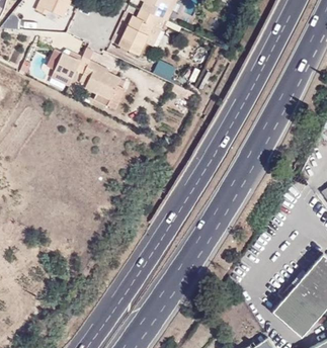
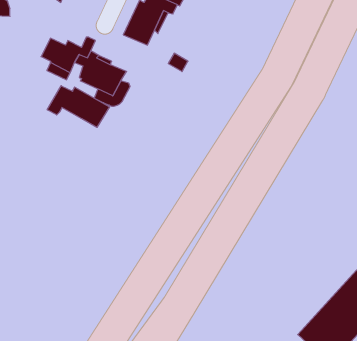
building: none -> [47,86,110,127]

